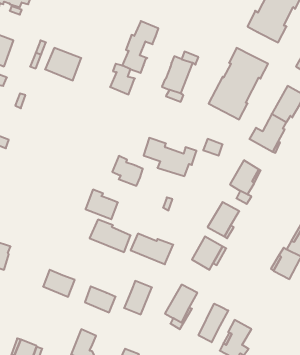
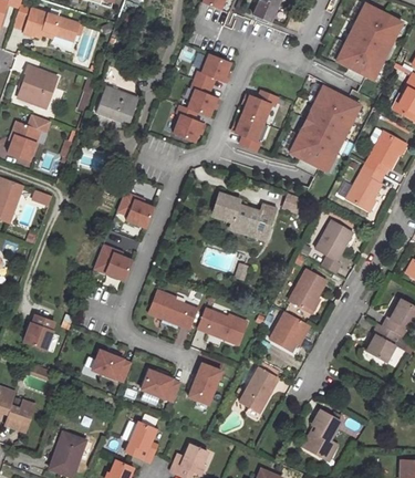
building: [112,156,143,186] -> [117,191,154,227]
building: [85,190,118,219] -> [94,245,133,280]
building: [199,304,228,342] -> none

